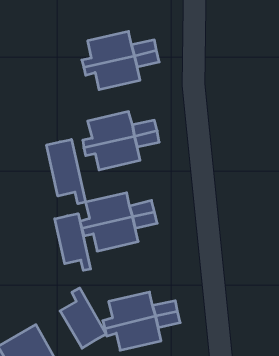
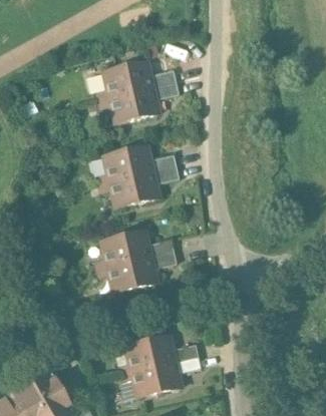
building: [47,139,86,204] -> none
building: [55,214,91,270] -> none
building: [60,288,106,348] -> none

